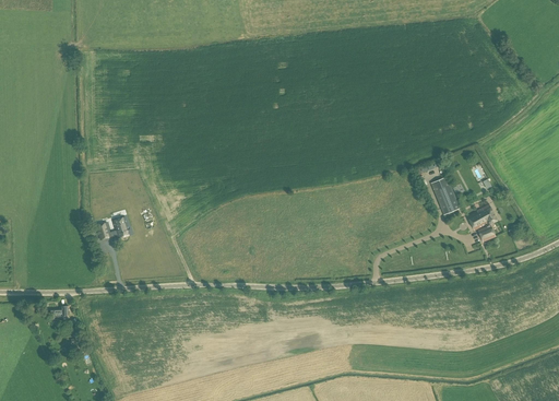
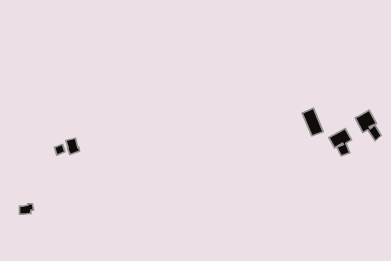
building: none -> [355,110,381,141]

